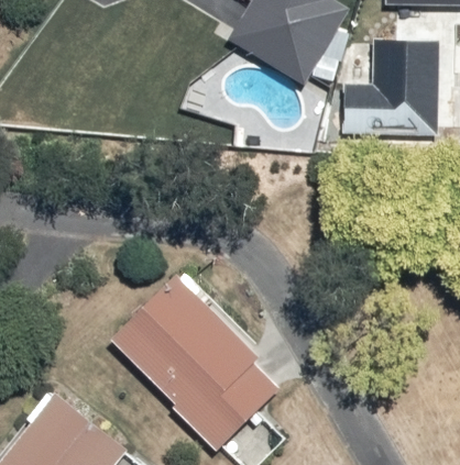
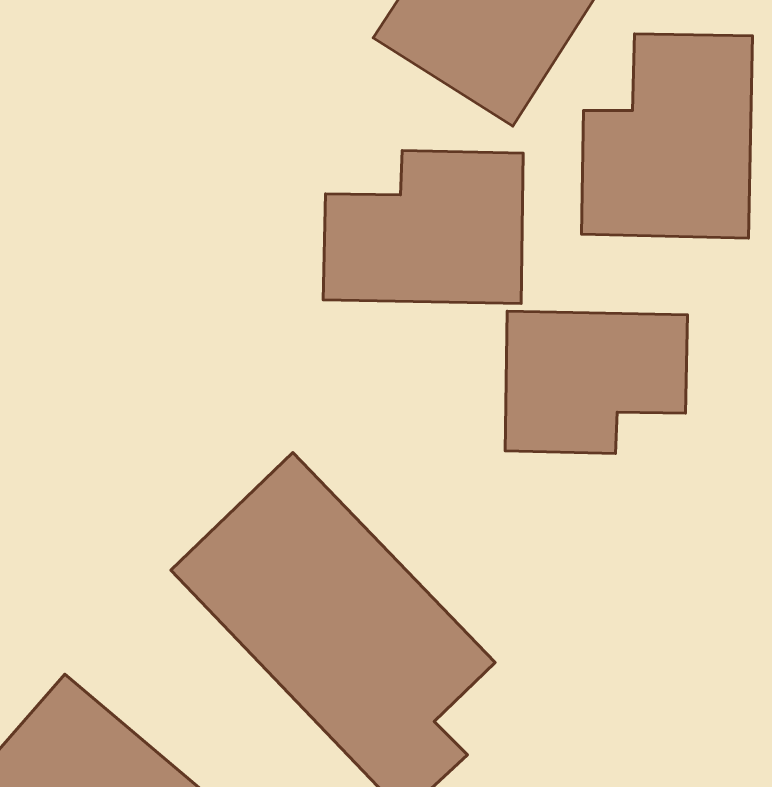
building: none -> [323,151,523,304]
building: none -> [505,311,688,453]

